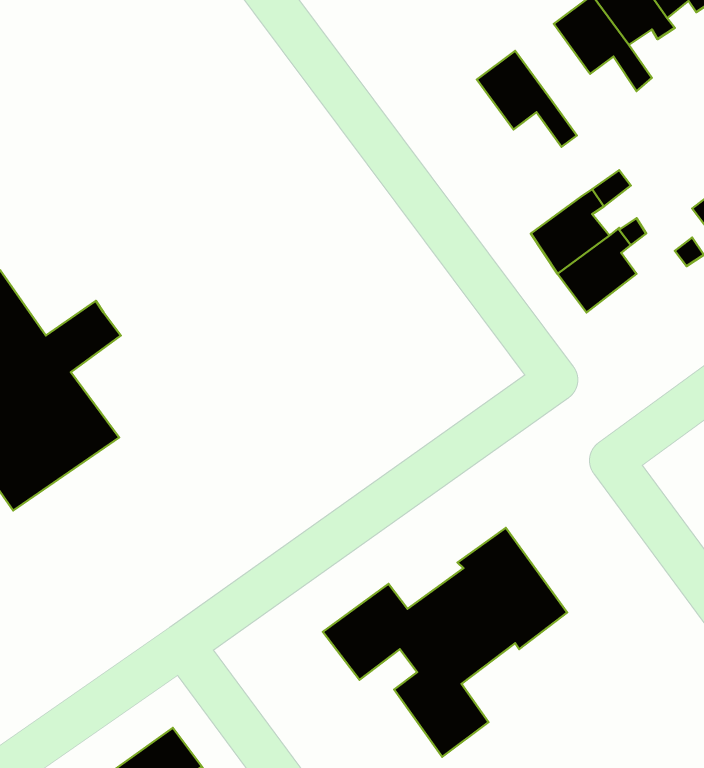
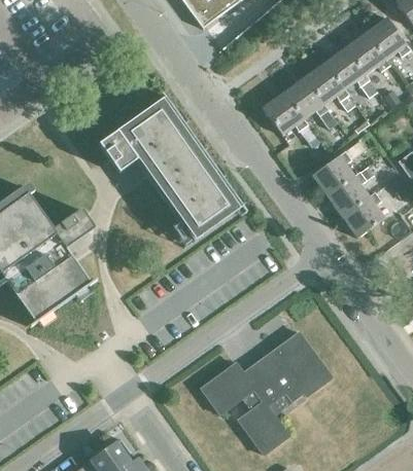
building: none -> [304,62,355,110]
building: none -> [262,92,319,146]
building: none -> [124,97,242,241]
building: none -> [98,130,138,173]
building: none -> [342,191,384,237]

